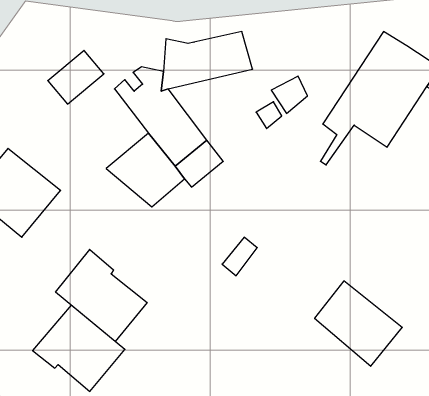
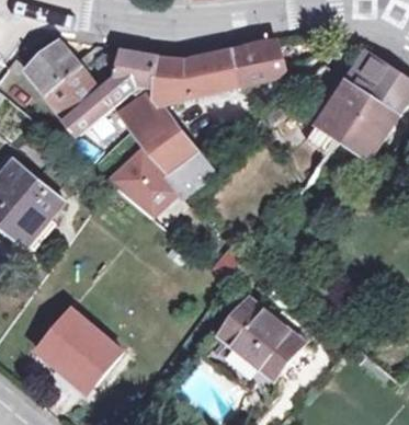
building: none -> [27,38,110,97]
building: none -> [232,41,284,87]
building: none -> [69,51,161,133]
building: [56,249,147,341] -> none
building: [315,281,402,366] -> [221,299,304,379]

